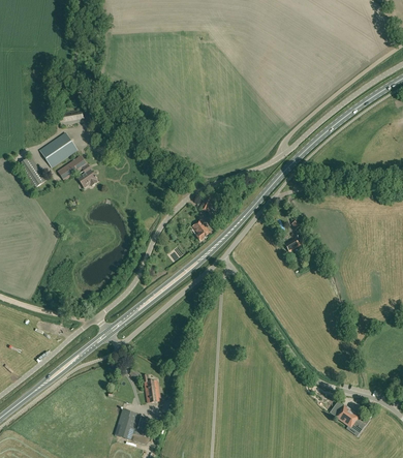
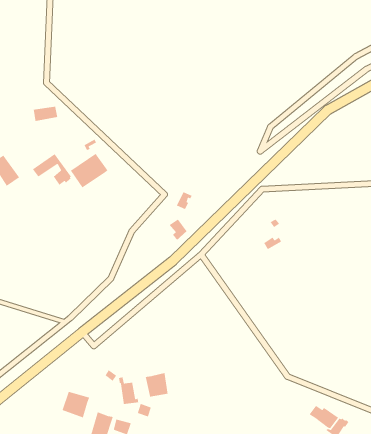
building: [39,131,78,166] -> [70,153,109,189]
building: none -> [145,372,169,397]
building: none -> [62,391,90,419]

